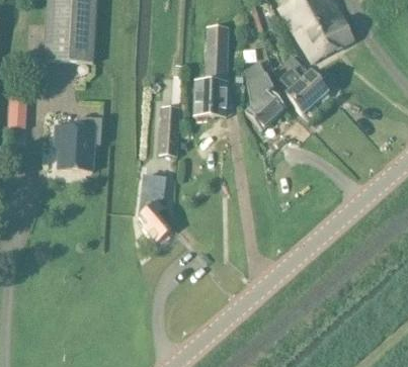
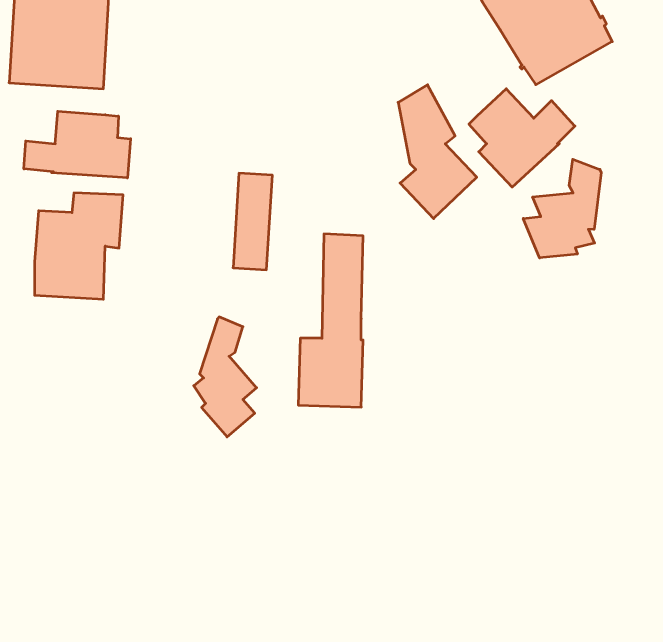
building: [193,25,227,114] -> [298,234,363,407]
building: none -> [24,111,131,178]
building: none -> [523,159,601,258]

